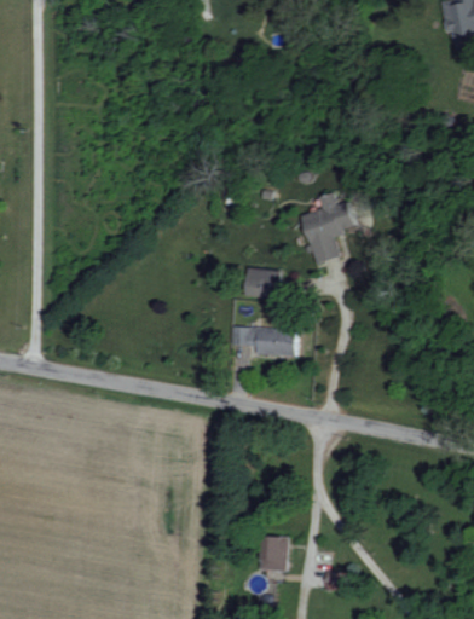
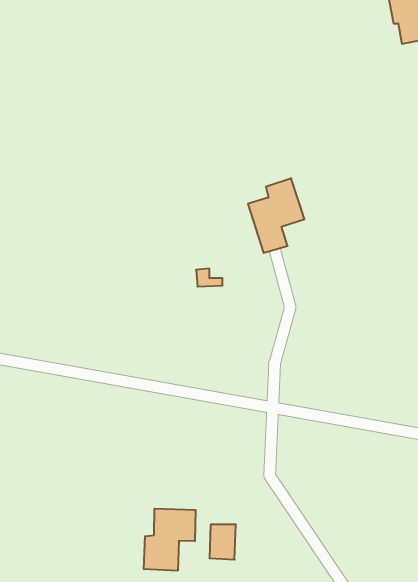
building: [230,326,295,355] -> none
building: none -> [144,509,196,571]

